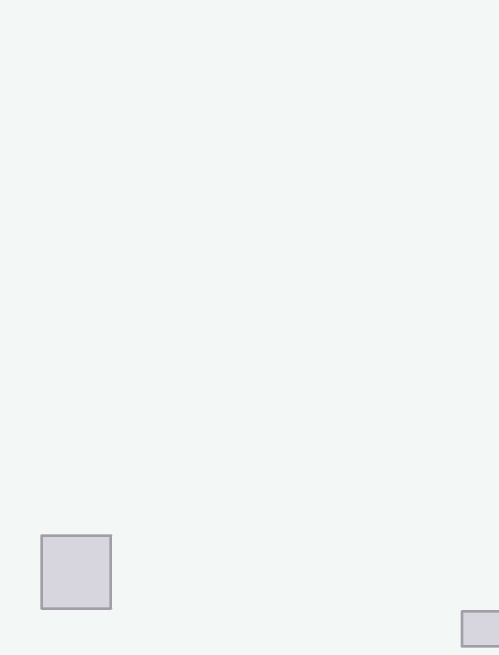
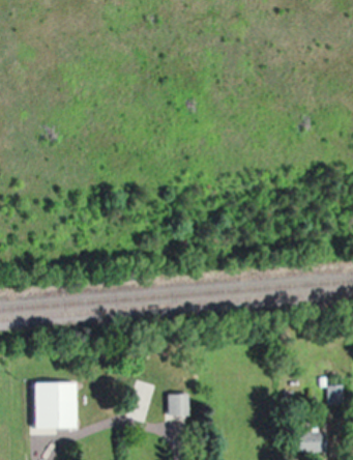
building: none -> [169,394,188,420]

